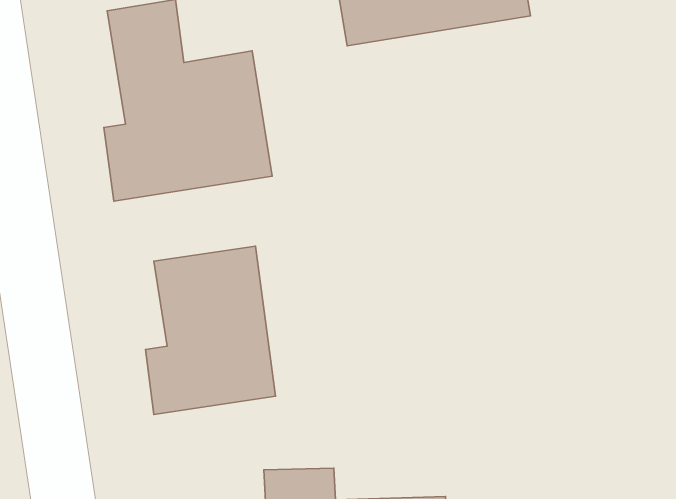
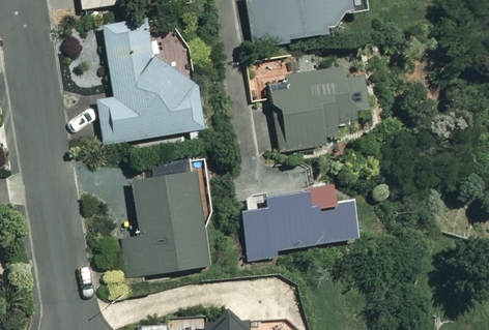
building: none -> [275,69,363,149]
building: none -> [242,184,355,261]

